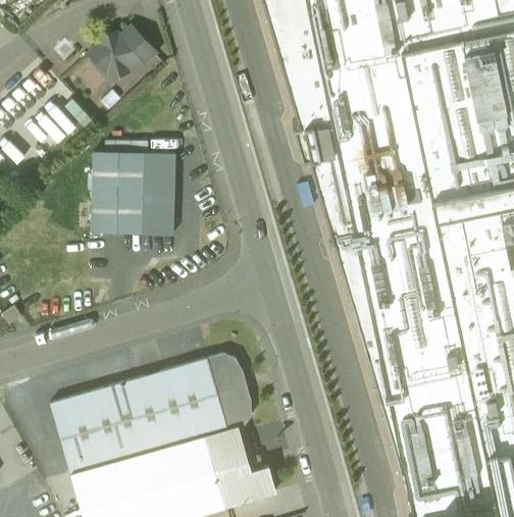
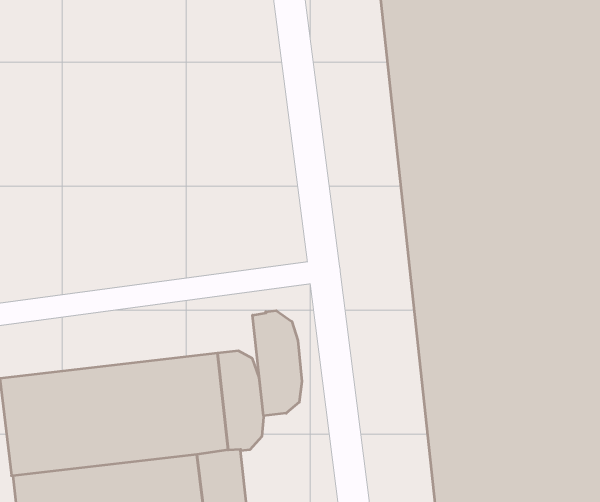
building: [95,153,177,232] -> none
building: none -> [253,311,302,416]

